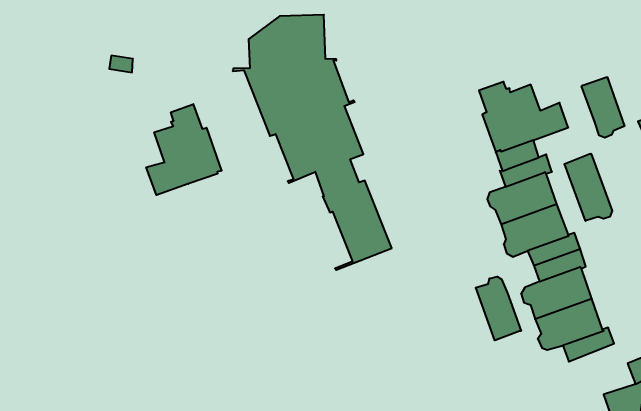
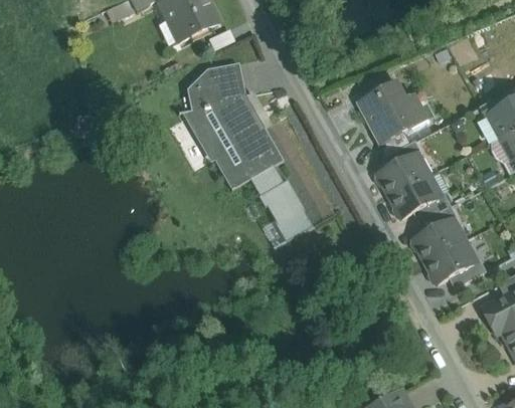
building: [582,77,625,138] -> none
building: [146,104,222,195] -> none
building: [564,154,612,221] -> none
building: [476,277,521,340] -> none

